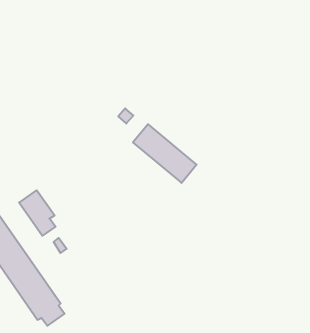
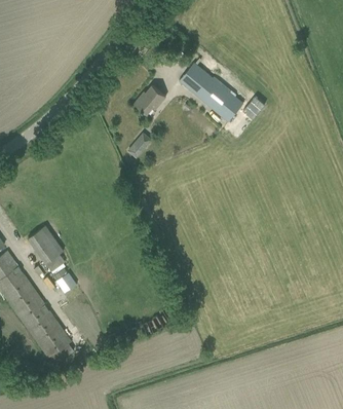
building: none -> [135,85,166,114]
building: [133,124,197,183] -> [180,63,244,122]

